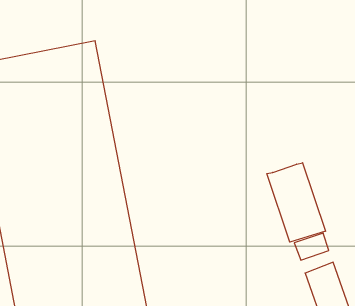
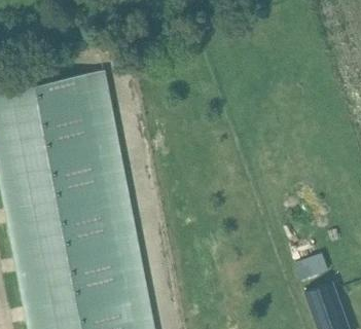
building: [267,163,326,242] -> none

